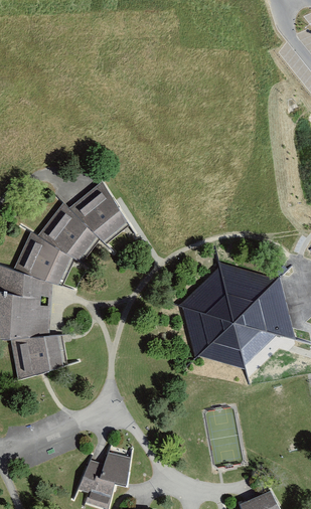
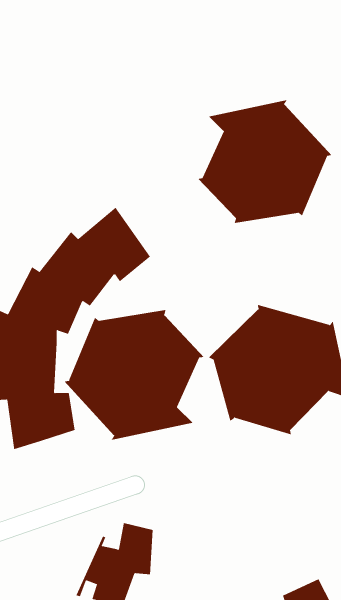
building: none -> [197,99,333,224]
building: none -> [63,309,205,441]

